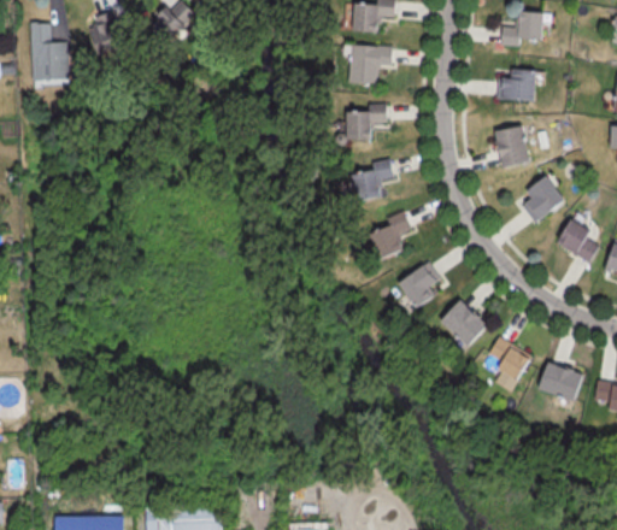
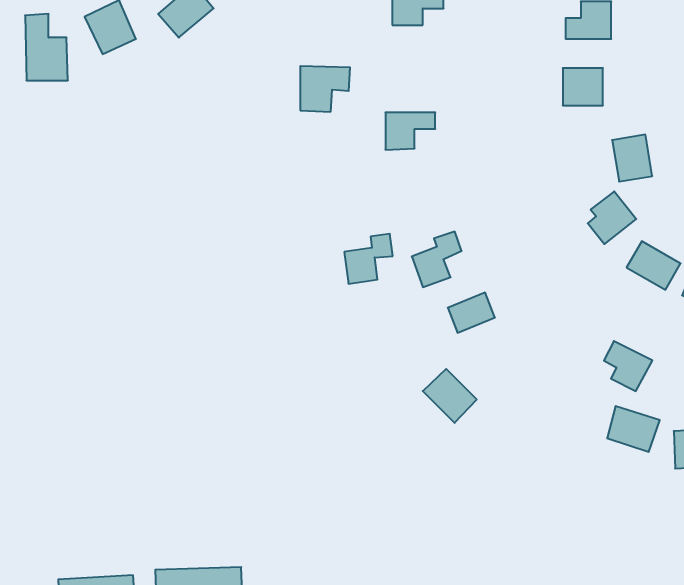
building: [351,45,394,84] -> [300,66,350,112]
building: [494,126,529,167] -> [612,135,652,182]
building: [352,158,394,201] -> [344,234,393,284]
building: [440,300,487,347] -> [423,369,477,423]
building: [490,338,533,382] -> [604,341,652,391]

